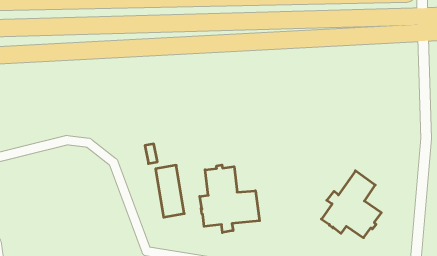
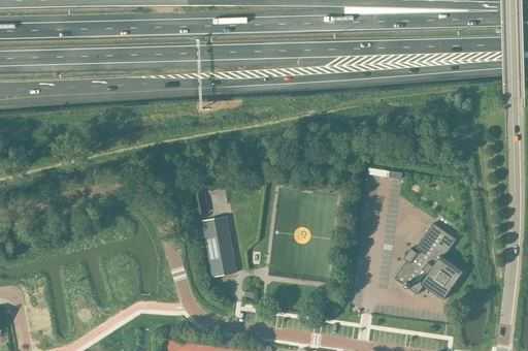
building: [200,165,260,233] -> none

